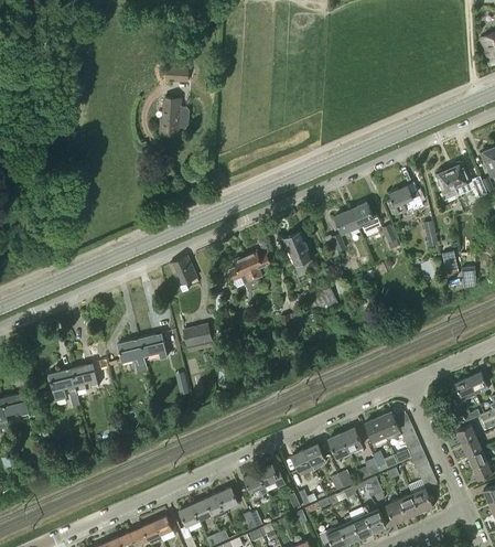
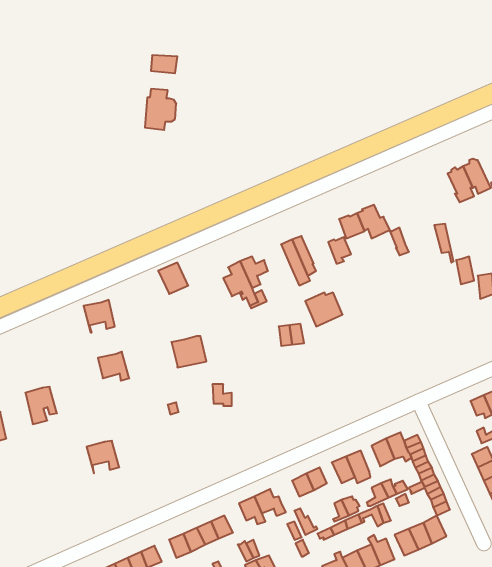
building: [389,183,423,215] -> none
building: [137,332,165,362] -> [83,300,115,332]
building: [71,364,100,394] -> [87,441,119,473]

